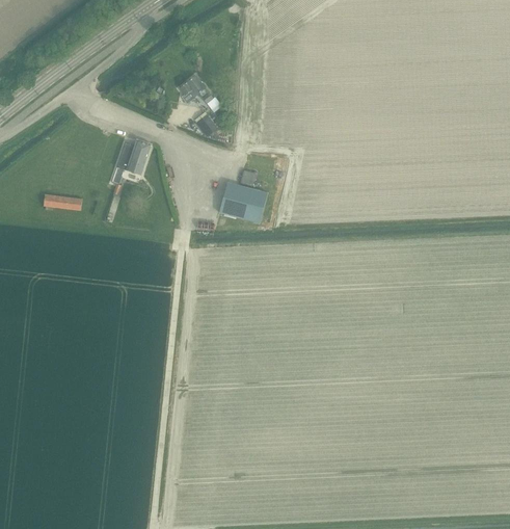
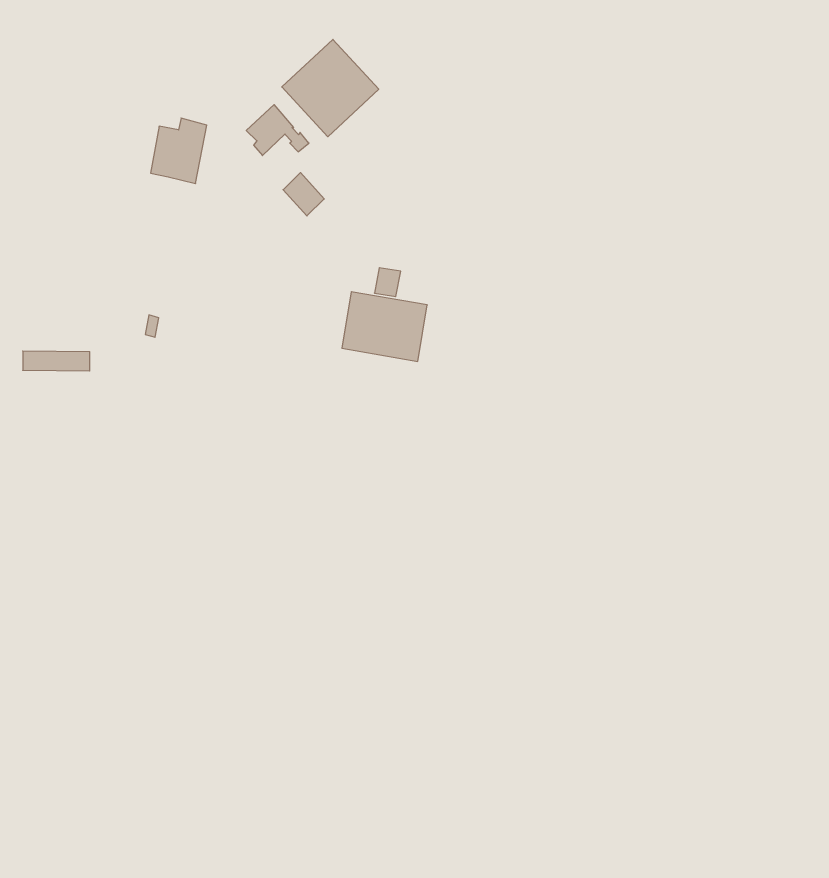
building: none -> [282,39,379,137]
building: [117,138,151,175] -> [151,118,207,184]

